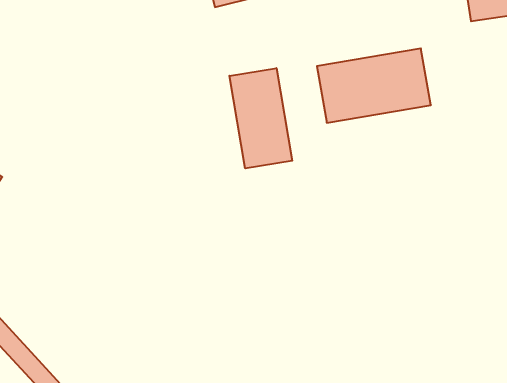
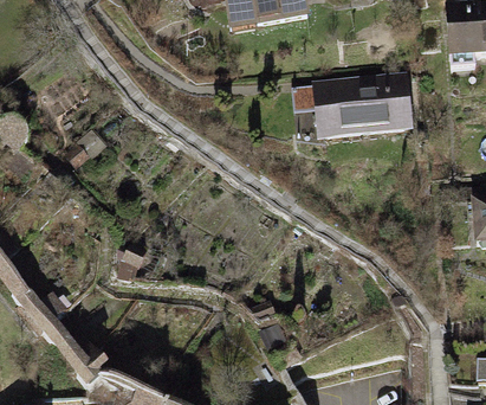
building: [229,68,292,168] -> none

